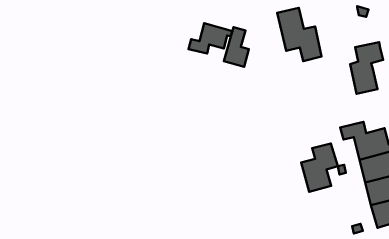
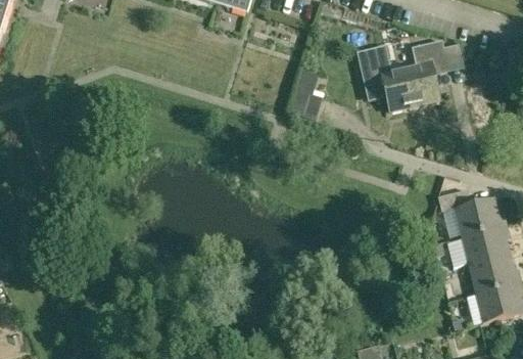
building: [189,23,232,54] -> none
building: [350,42,383,94] -> [405,39,446,104]
building: [301,143,338,192] -> none

